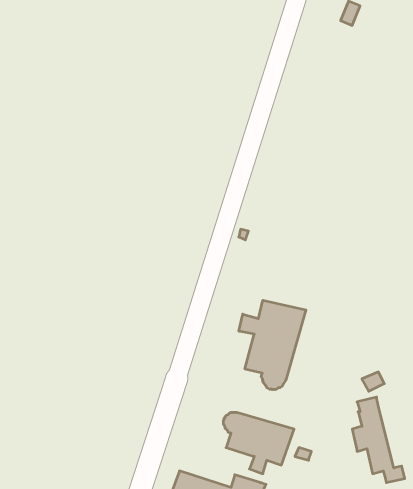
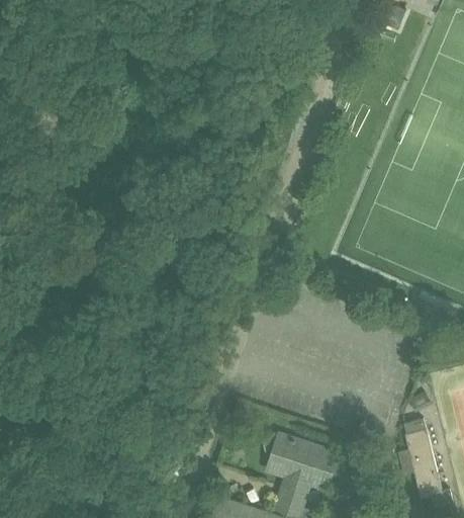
building: [239,300,306,390] -> none

